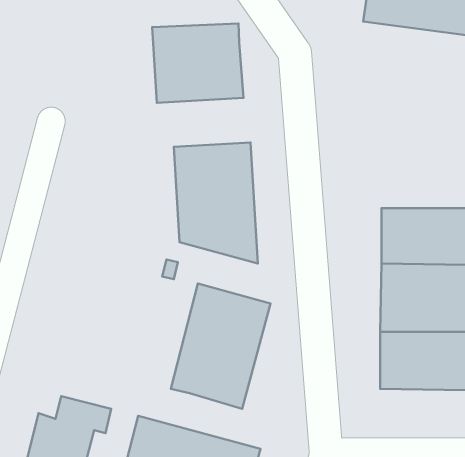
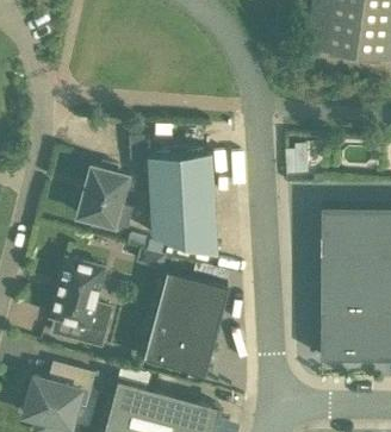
building: [152,23,244,103] -> none
building: none -> [76,165,132,232]
building: none -> [50,261,110,349]

